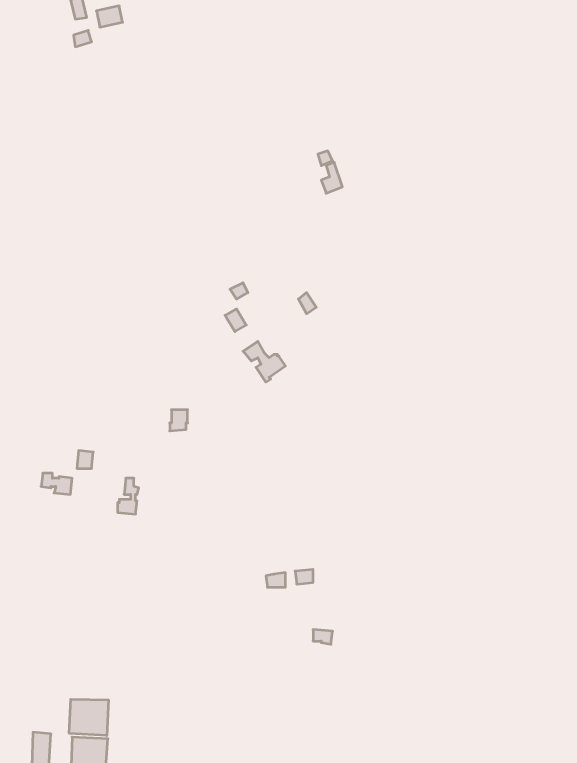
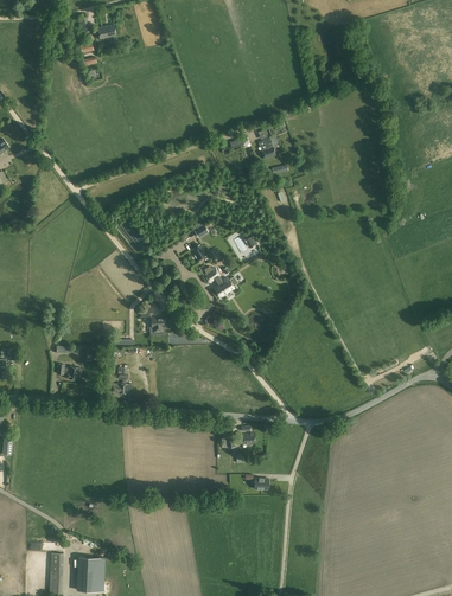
building: [69,699,108,736] -> none

